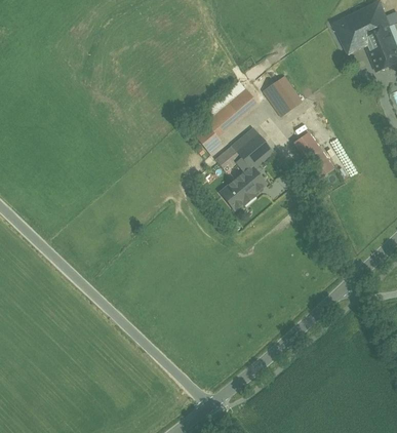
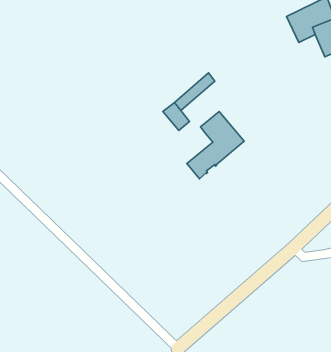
building: [263,76,301,115] -> none
building: [214,127,256,171] -> none
building: [293,133,331,178] -> none

